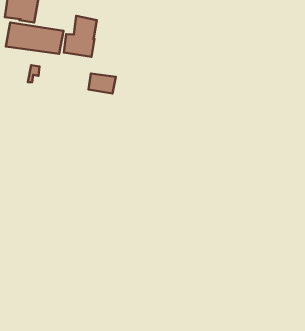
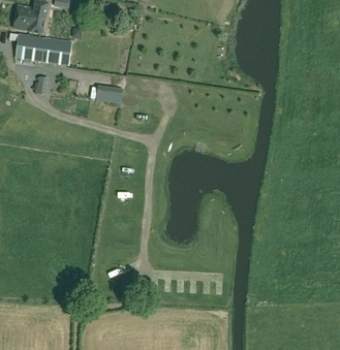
building: [64,16,97,57] -> none

